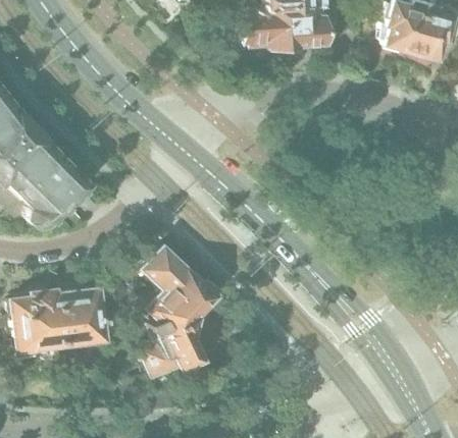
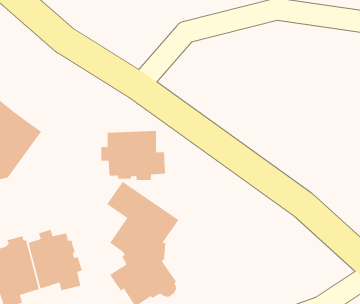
building: none -> [101,130,166,181]

